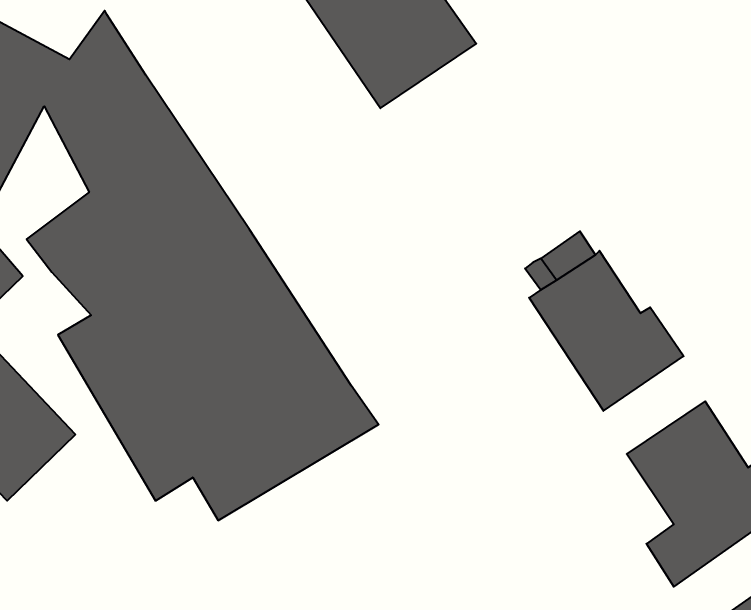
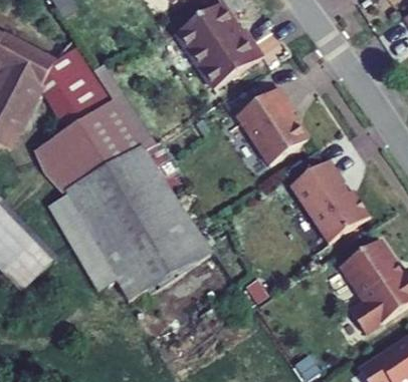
building: none -> [235,86,307,164]

